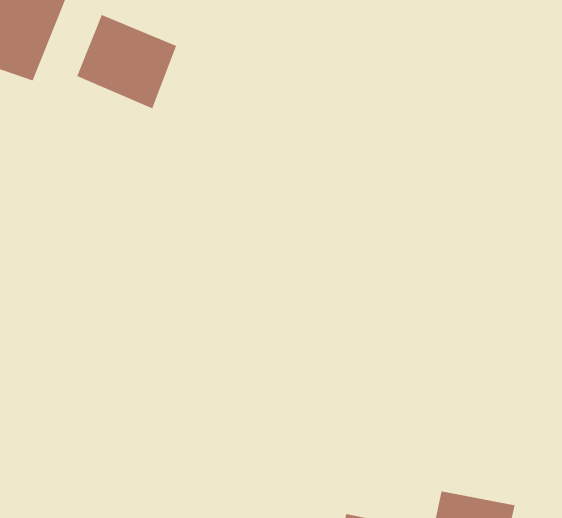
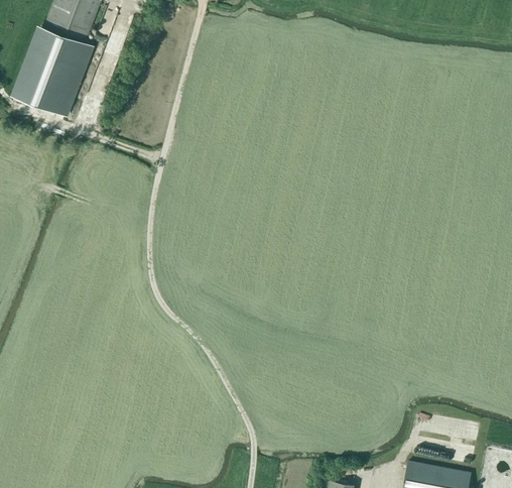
building: [77,14,177,109] -> none

